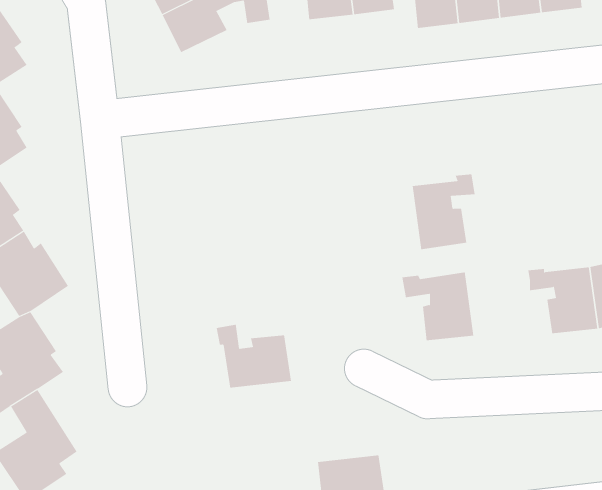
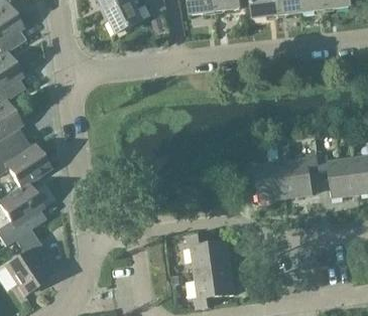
building: [412,174,476,250] -> [281,153,319,197]
building: [216,324,292,388] -> [187,233,231,271]

